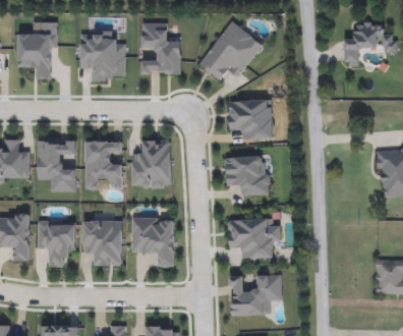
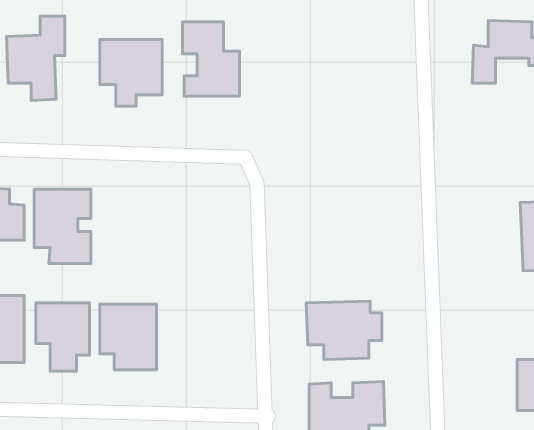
building: [197,20,264,82] -> none
building: [228,99,273,139] -> none
building: [131,139,171,188] -> none
building: [84,141,123,189] -> none
building: [224,156,269,195] -> none
building: [131,217,174,268] -> none

